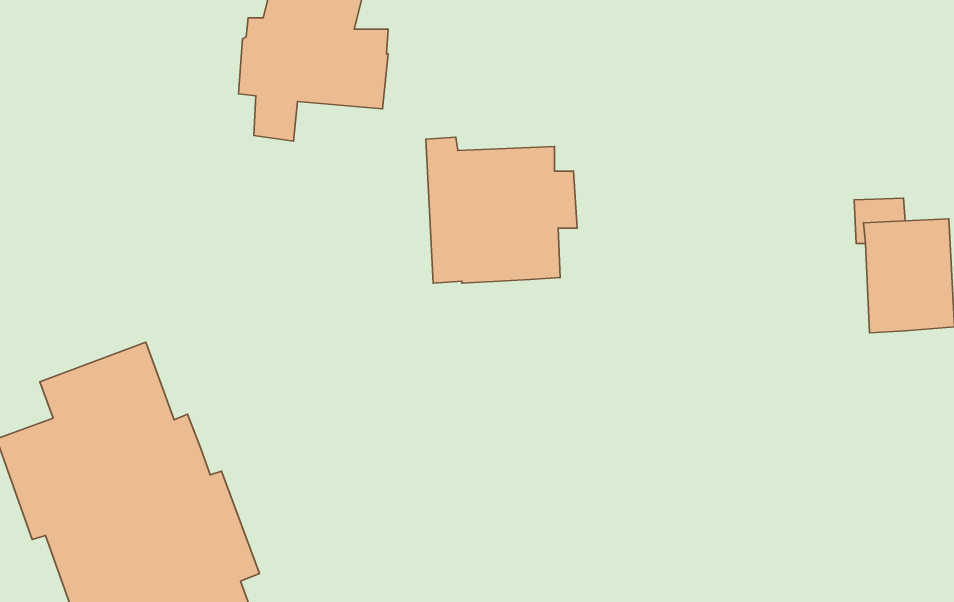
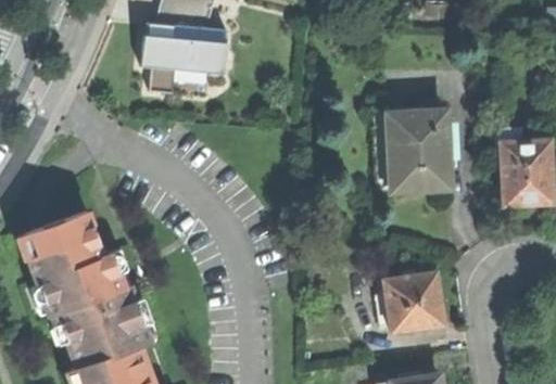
building: [426,137,577,283] -> [374,106,460,190]
building: none -> [387,272,444,331]

